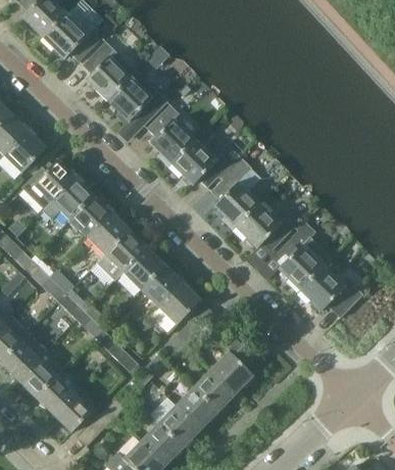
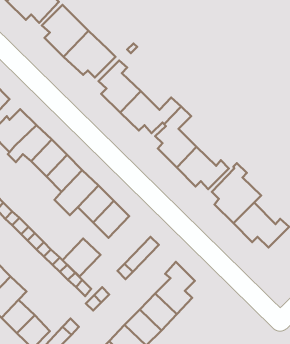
building: [157,281,200,324] -> [63,239,100,276]

